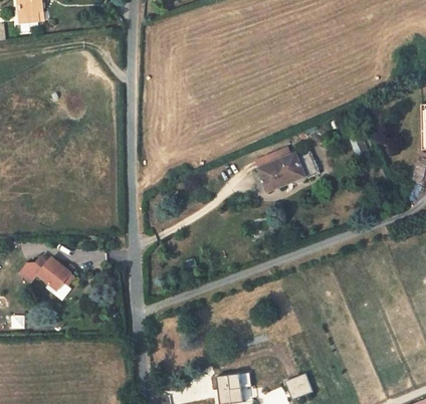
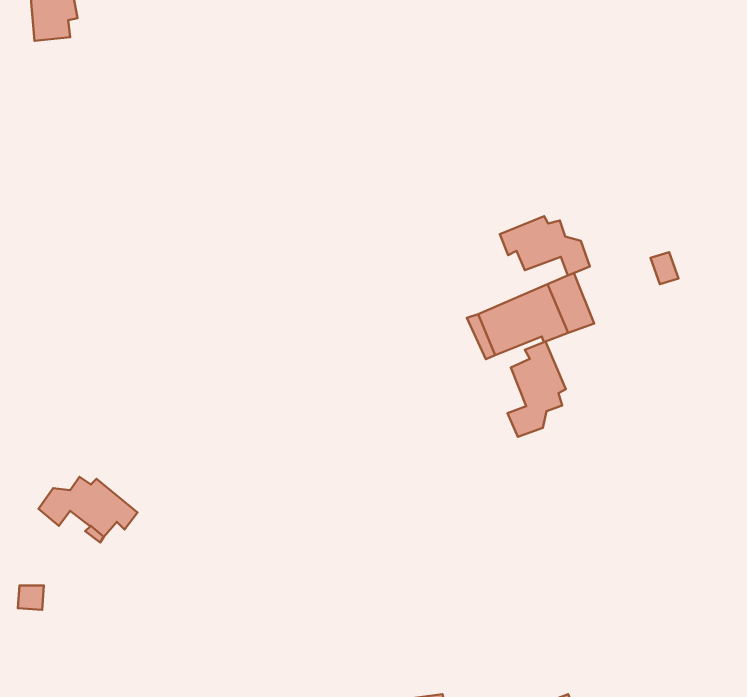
building: none -> [500,216,590,275]
building: none -> [508,341,566,437]

